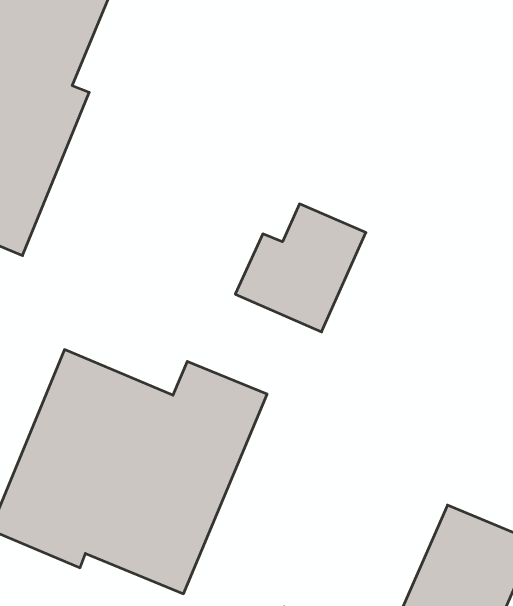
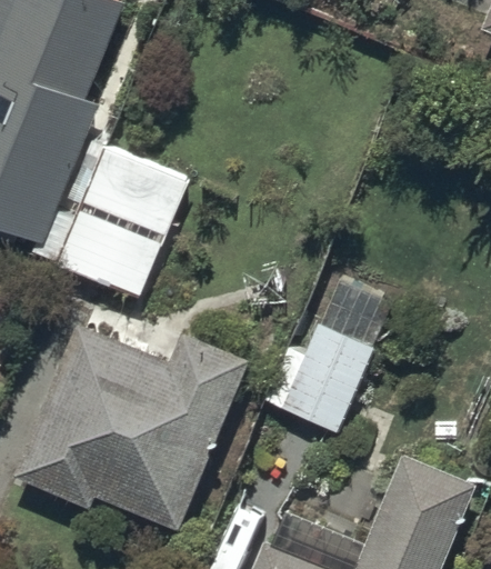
building: none -> [57,144,189,297]
building: [235,204,366,332] -> [264,322,375,431]

